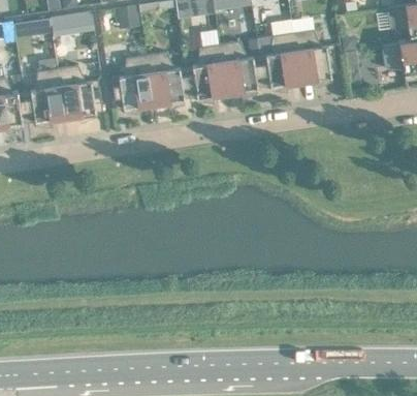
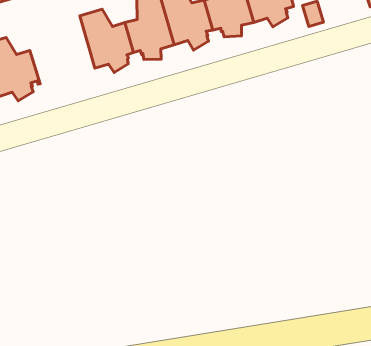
building: [110,55,153,115] -> none

